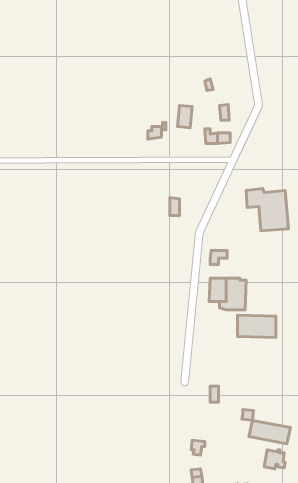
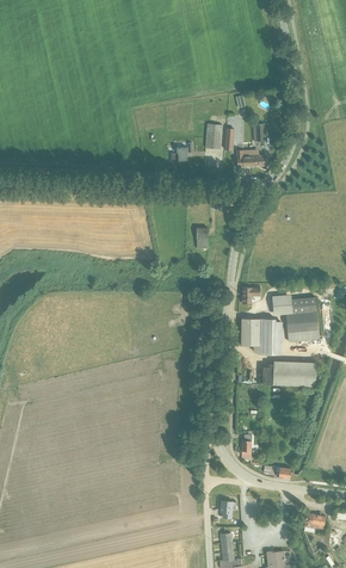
building: [246,188,288,231] -> [271,292,319,340]
building: [249,420,291,444] -> none

